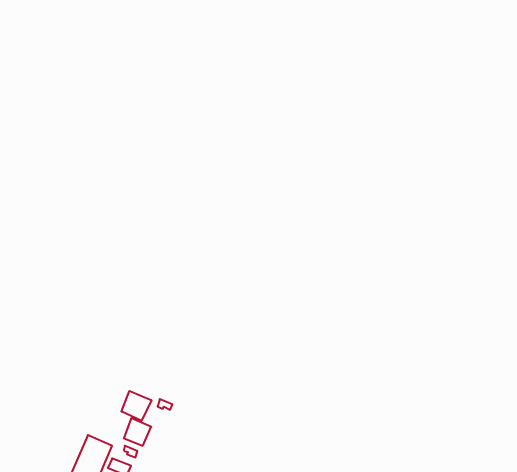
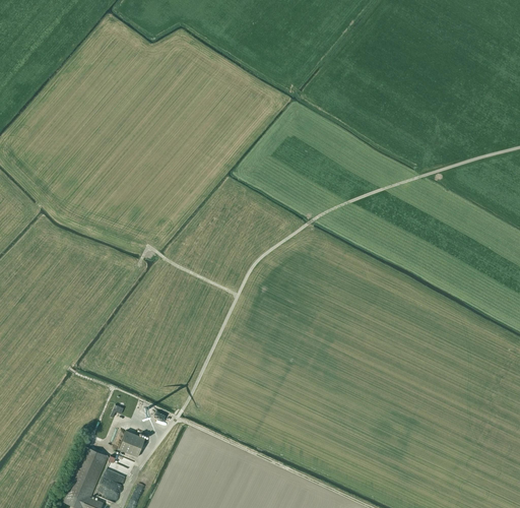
building: [121,391,151,421] -> none

